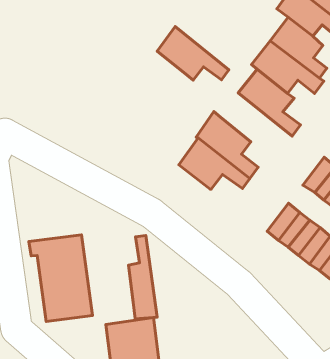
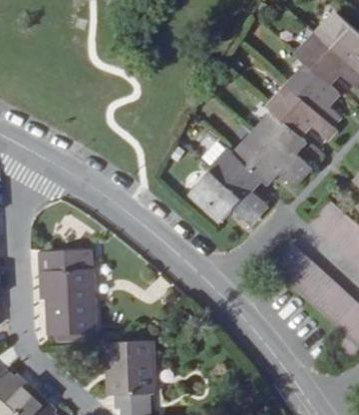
building: [157,27,229,80] -> [234,131,301,186]
building: [129,236,157,319] -> none

